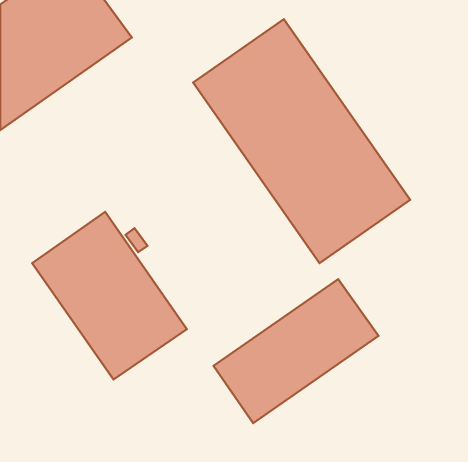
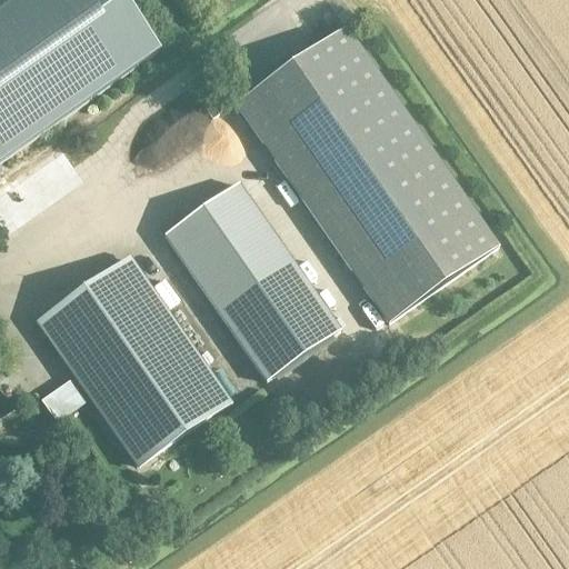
building: none -> [164,180,339,378]
building: [213,279,378,423] -> none

